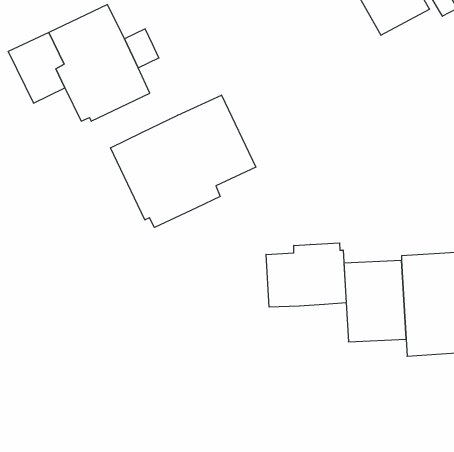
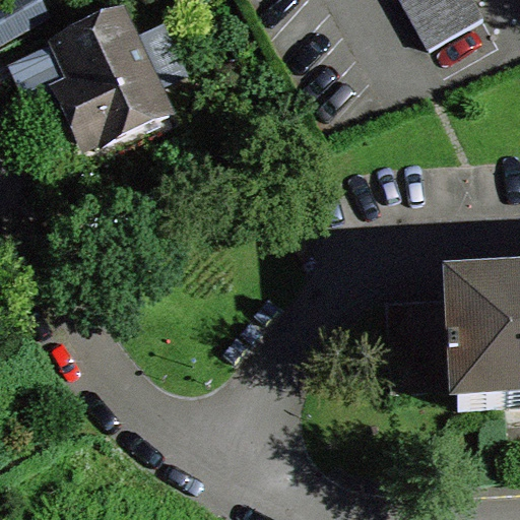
building: [111,95,256,227] -> none
building: [266,243,346,307] -> none

